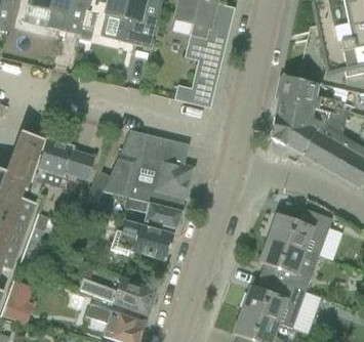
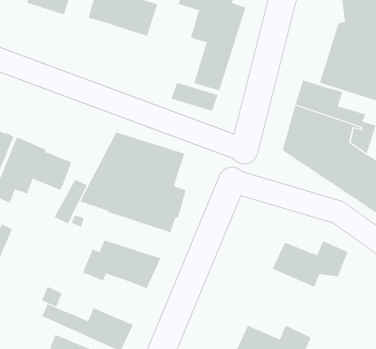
building: [125,198,183,229] -> none
building: [259,237,314,292] -> none

